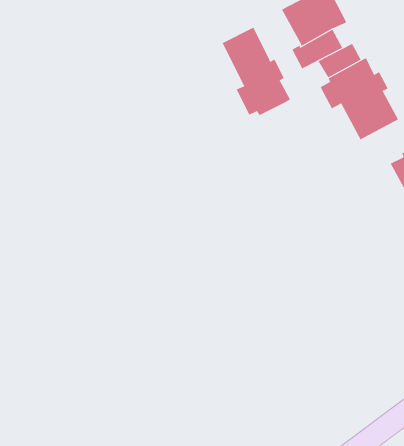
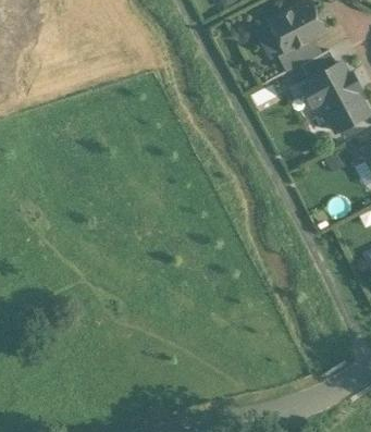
building: [222,27,291,116] -> none

